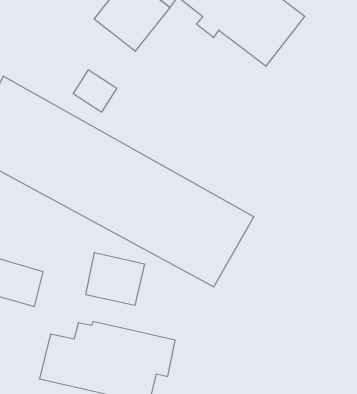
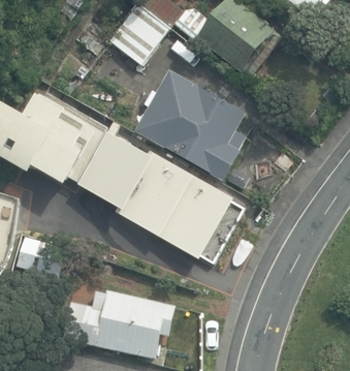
building: none -> [133,68,248,181]
building: [86,252,144,305] -> none

